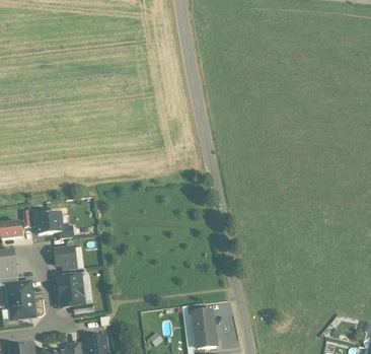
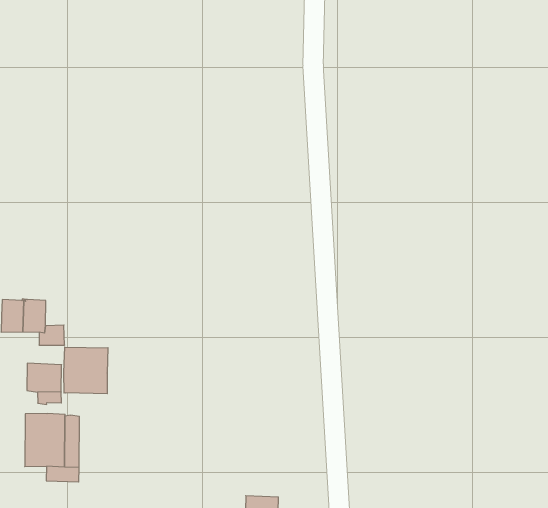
building: none -> [64,347,108,394]

